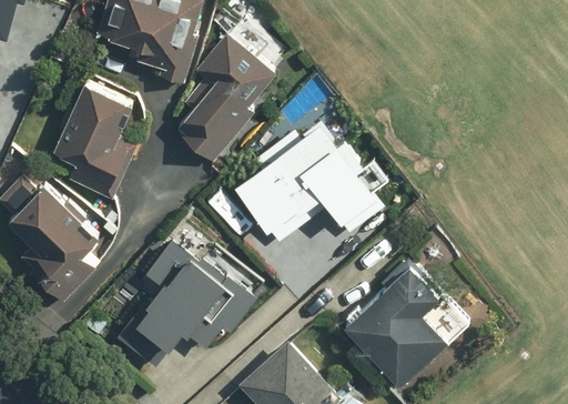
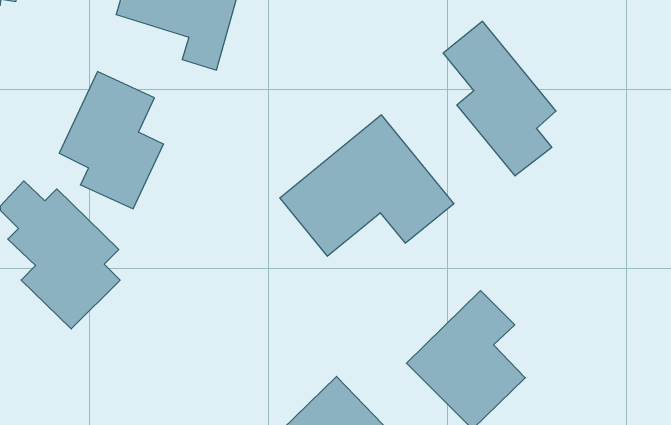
building: [174,36,274,162] -> none
building: none -> [443,21,556,176]
building: [119,240,254,370] -> none

